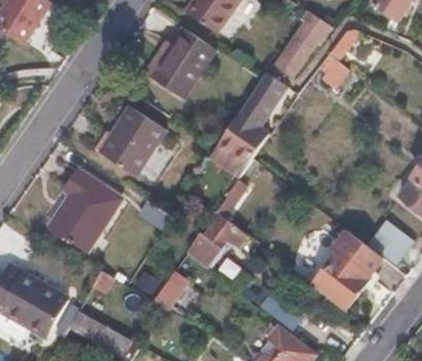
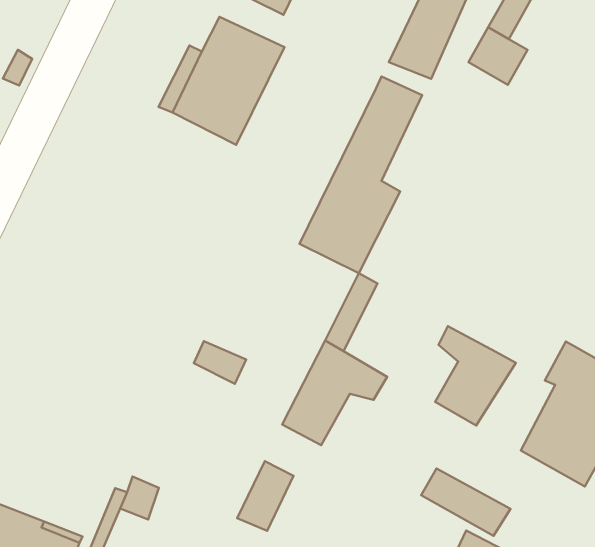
building: [99,107,166,176] -> none
building: [47,169,122,254] -> none
building: none -> [435,326,516,426]

